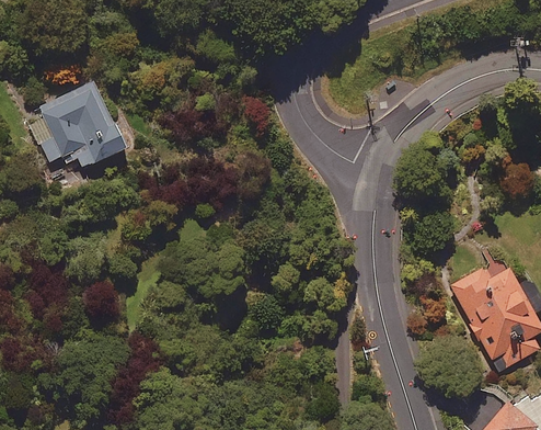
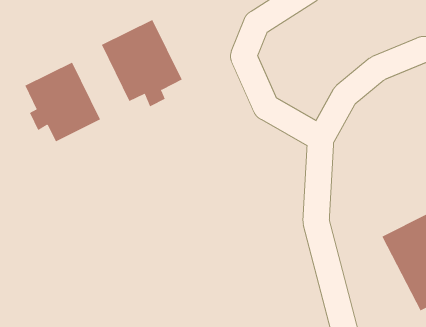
building: none -> [101,19,182,107]

